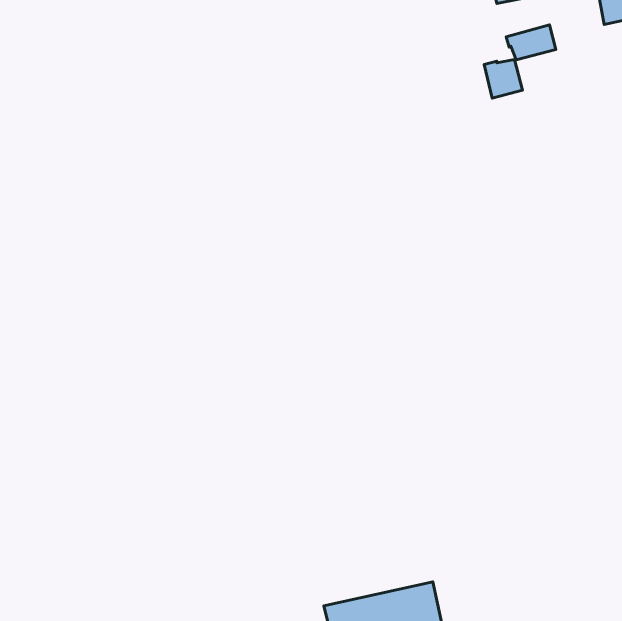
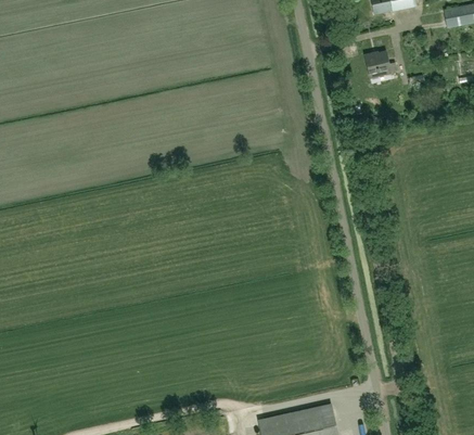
building: [506,25,556,60] -> none

